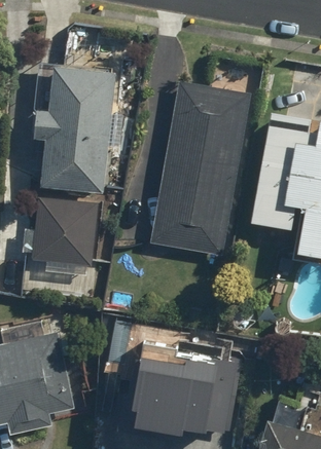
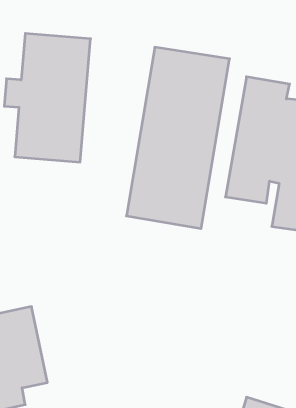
building: [32,195,98,273] -> none
building: [114,336,240,427] -> none

